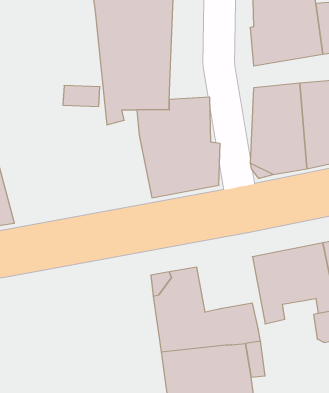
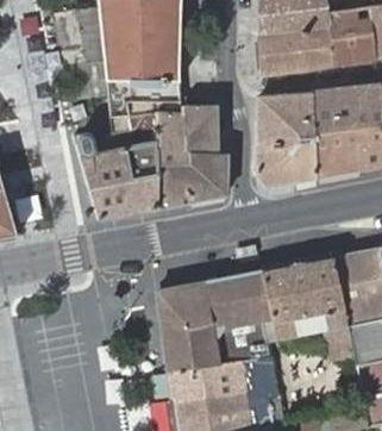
building: none -> [76,119,158,220]
building: none -> [205,271,262,327]

